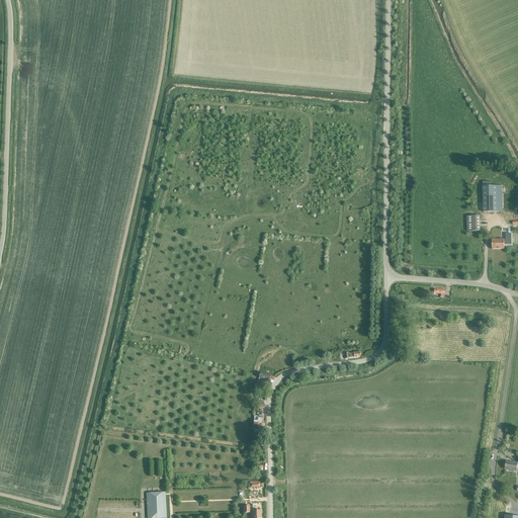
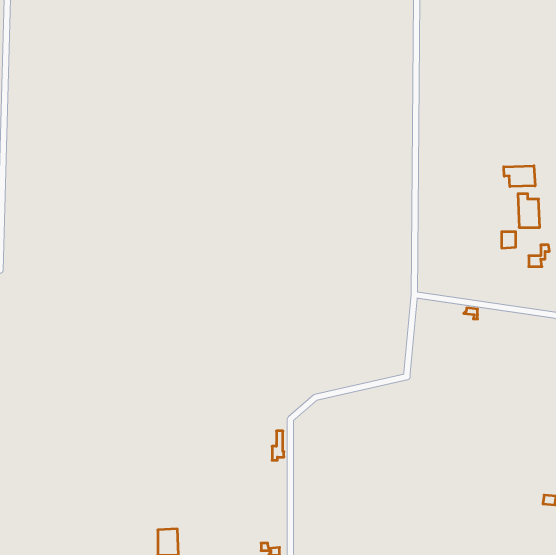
building: none -> [504,166,535,187]

